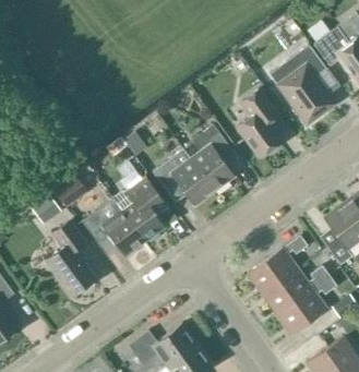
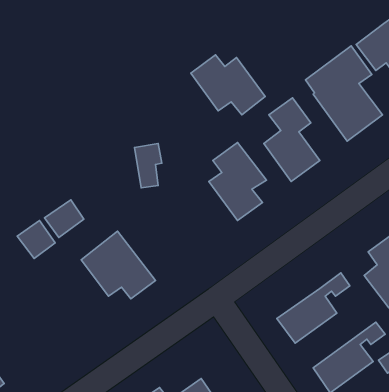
building: [152,156,214,206] -> [191,55,265,115]
building: [113,178,169,241] -> none
building: [45,221,96,297] -> none
building: [262,265,330,314] -> none

